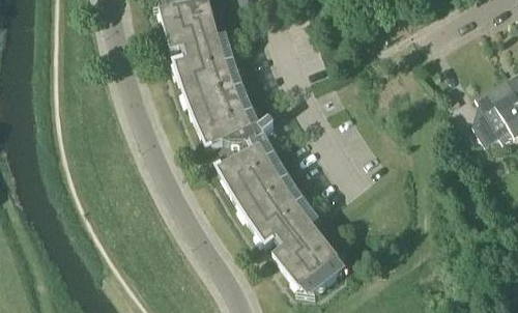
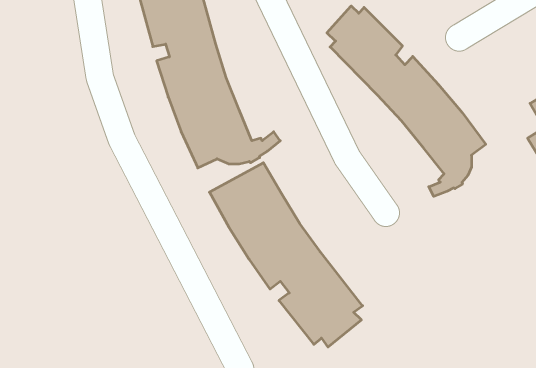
building: none -> [327,6,486,196]

